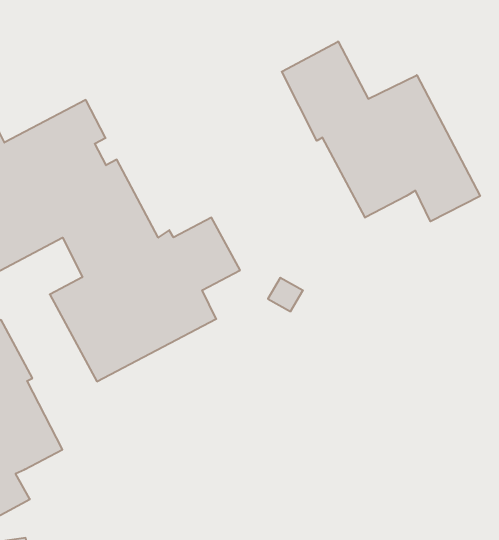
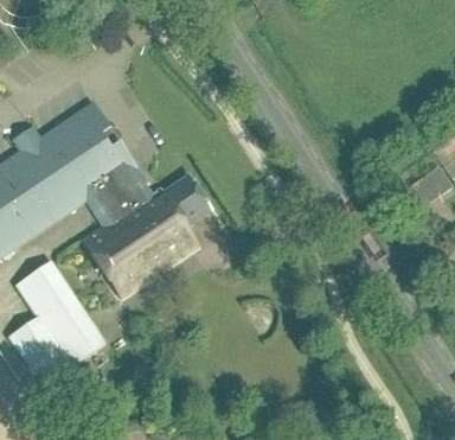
building: [282,41,480,221] -> none

